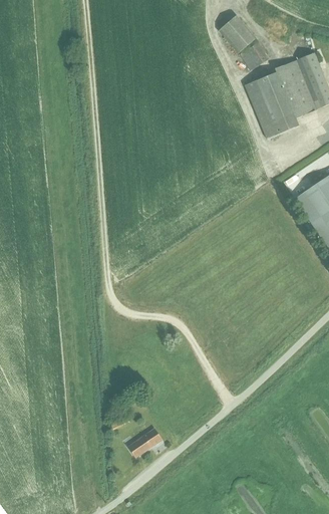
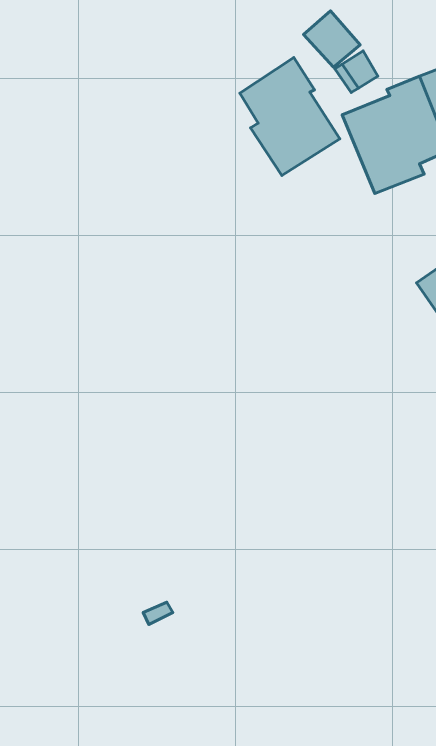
building: none -> [240,58,340,175]
building: [126,427,161,457] -> none

